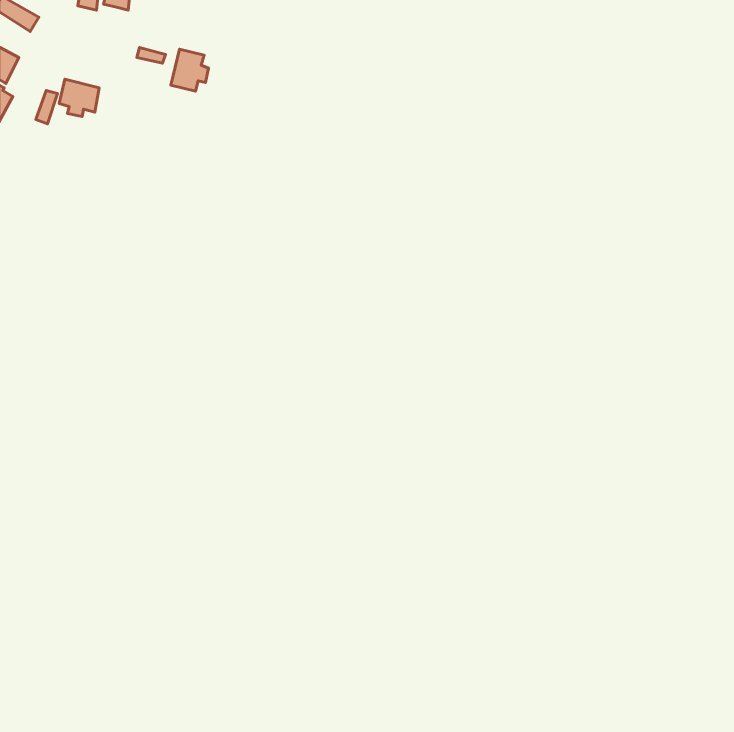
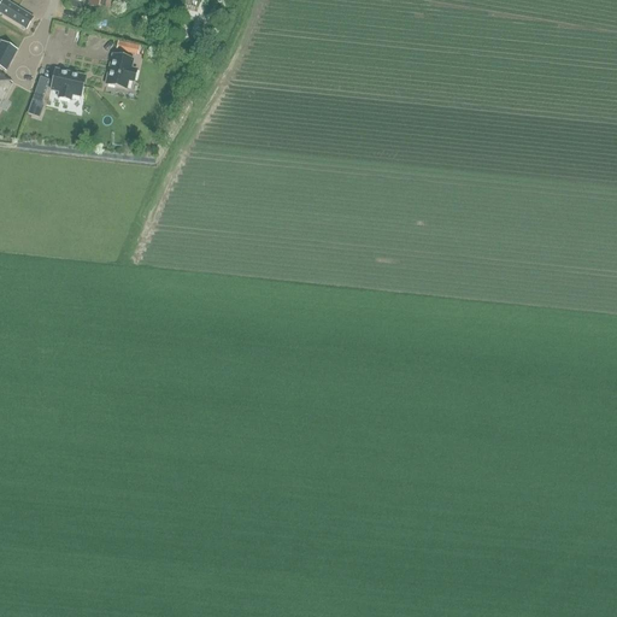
building: [171,49,208,91] -> [104,52,135,87]

